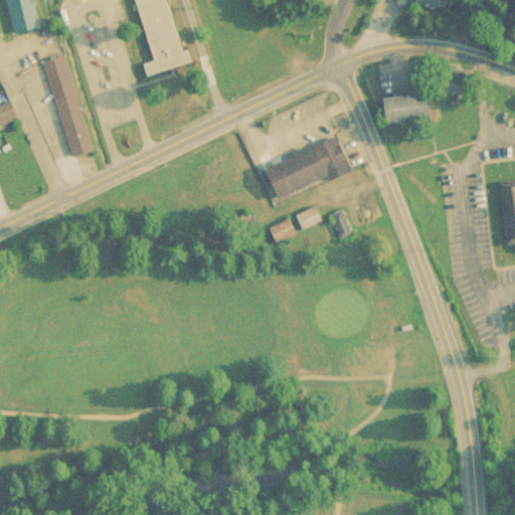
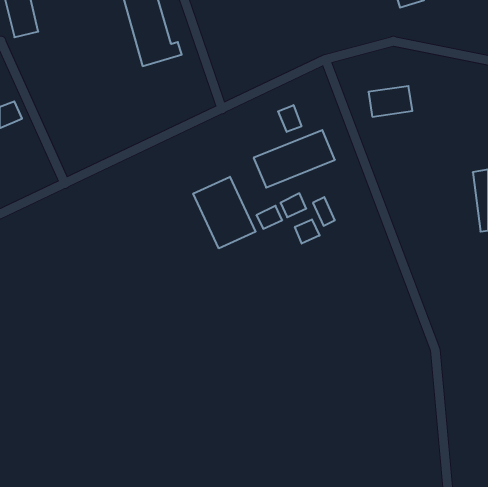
building: [45,59,96,162] -> none
building: none -> [278,105,301,132]
building: none -> [193,177,256,248]
building: none -> [295,219,320,244]

